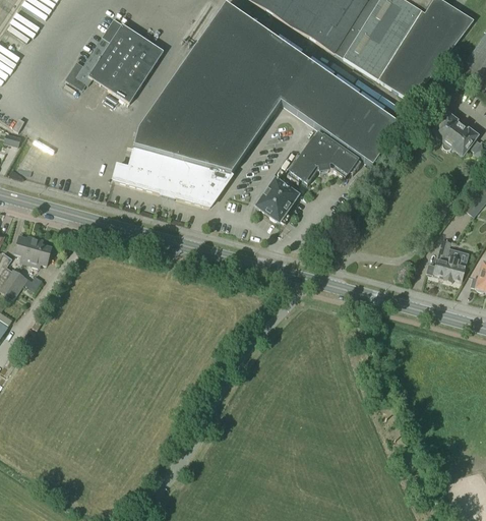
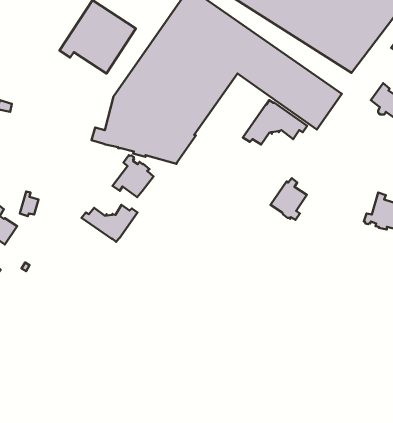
building: [256,174,298,222] -> [271,178,307,220]
building: none -> [113,155,154,197]
building: [15,235,38,263] -> none
building: none -> [82,205,138,242]

